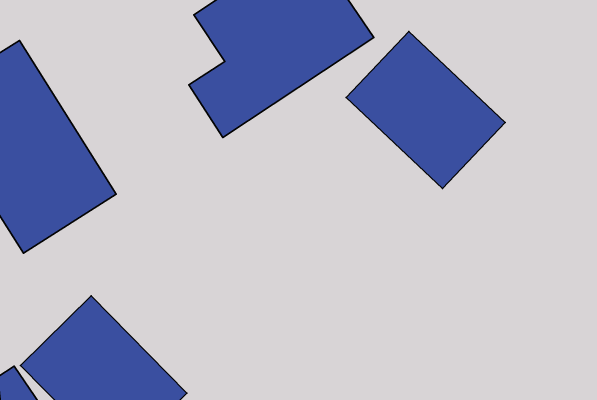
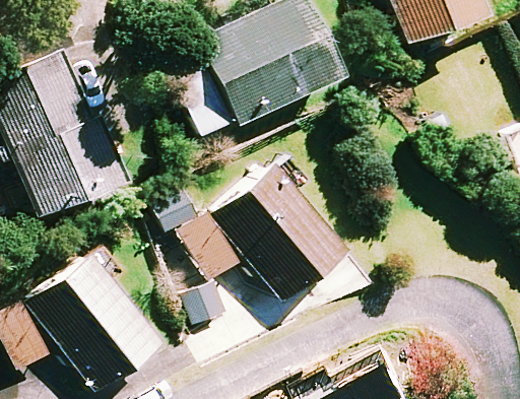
building: [346,31,505,188] -> none
building: none -> [182,162,347,302]

